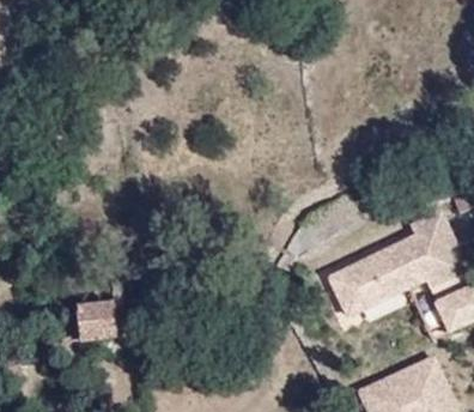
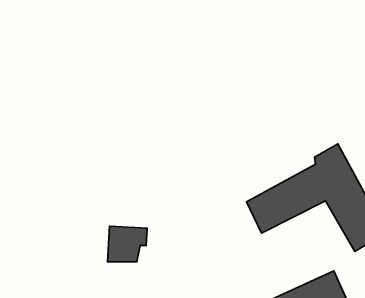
building: [75,301,122,343] -> [108,226,147,262]

